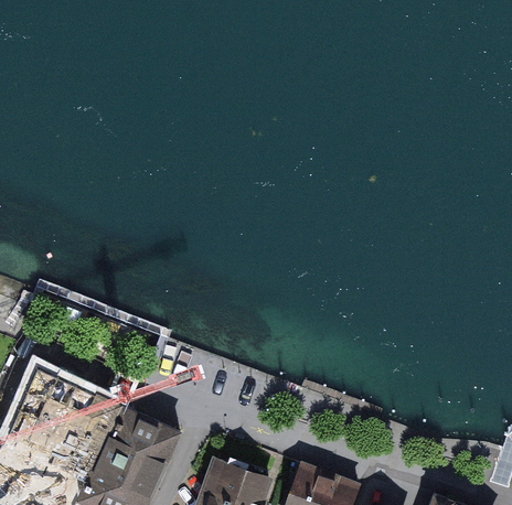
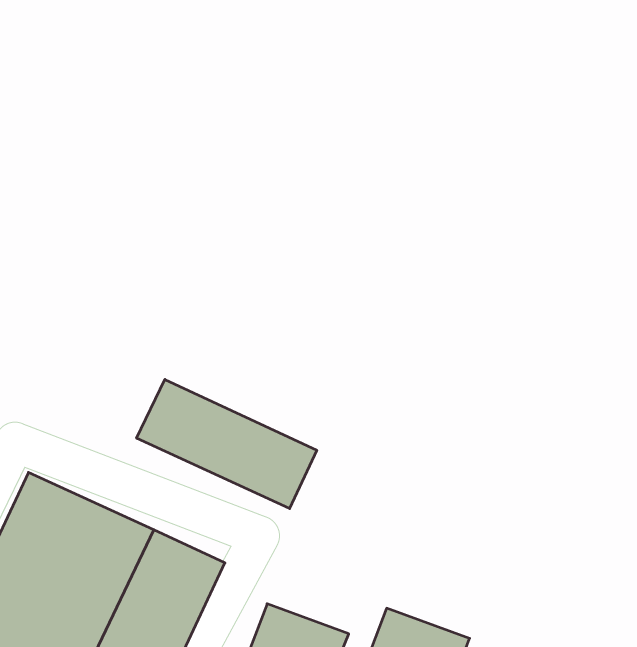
building: none -> [137,379,317,509]

